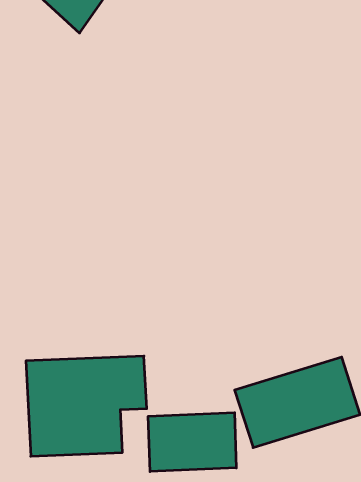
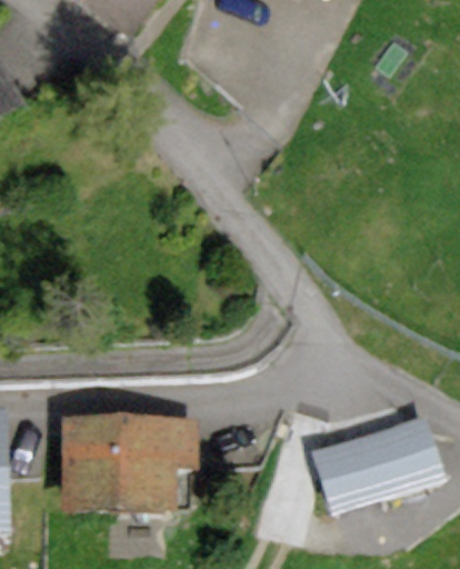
building: [148,413,236,472] -> none

